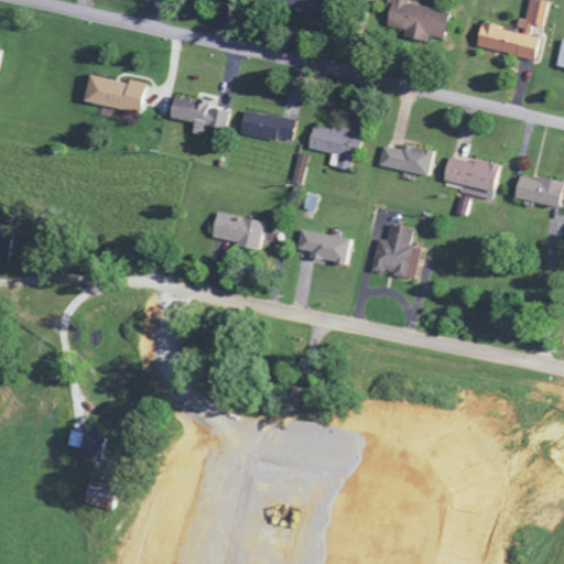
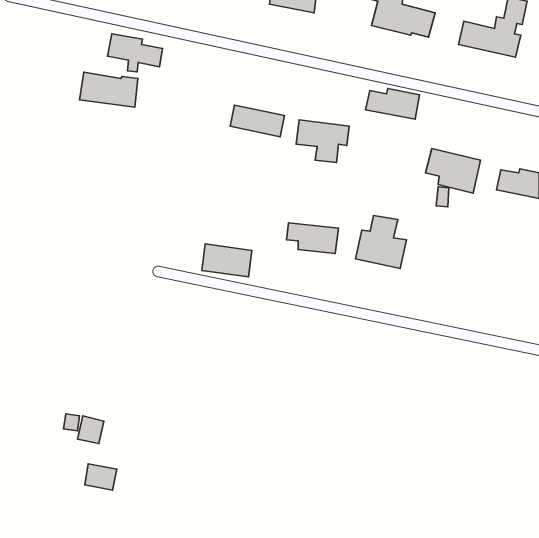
building: [170,95,227,134] -> [107,34,163,72]
building: [377,143,433,175] -> [365,89,420,119]
building: [213,213,264,247] -> [202,244,252,277]

